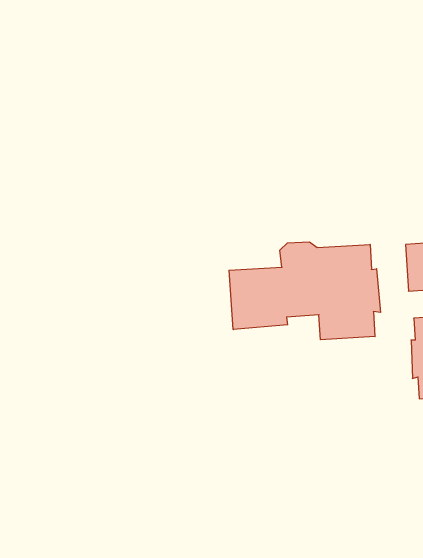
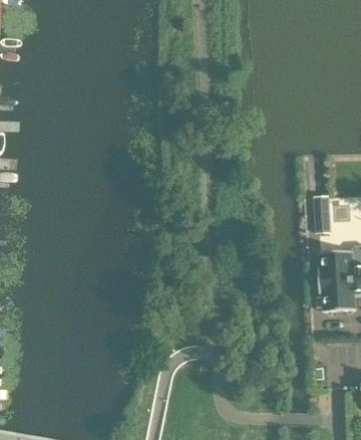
building: [229,242,380,340] -> none

